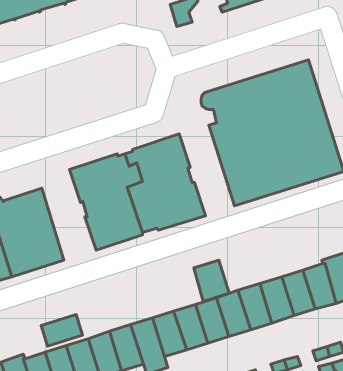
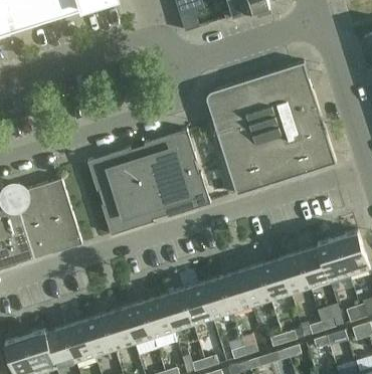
building: [194,260,229,302] -> none
building: [41,315,83,346] -> none

